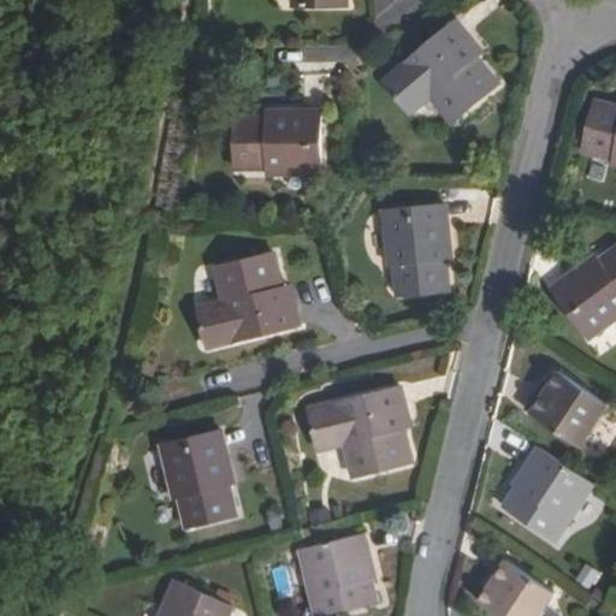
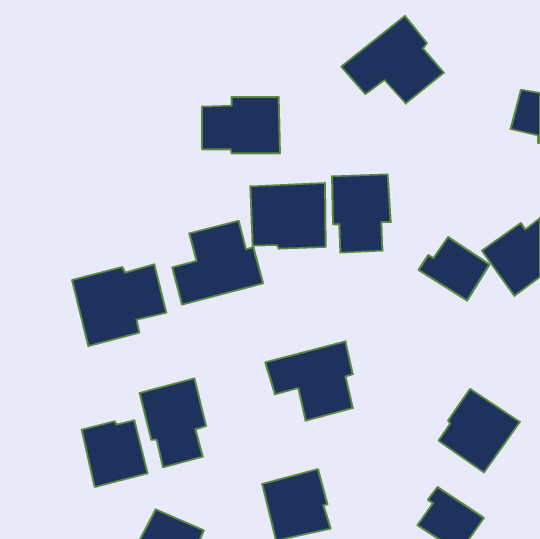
building: none -> [250,183,325,249]
building: none -> [72,264,166,346]
building: [523,369,604,442] -> [419,237,489,301]
building: none -> [82,420,147,487]

